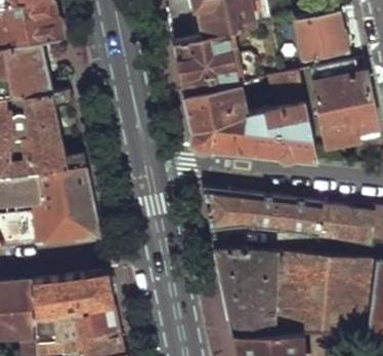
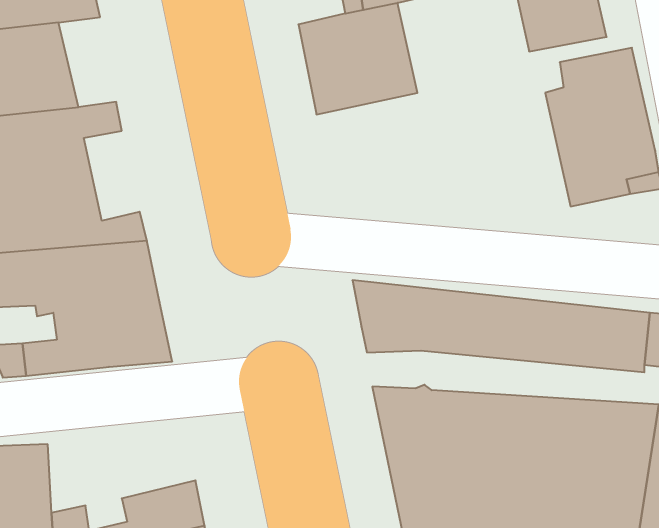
building: [183,71,317,161] -> none
building: [31,272,115,322] -> none

